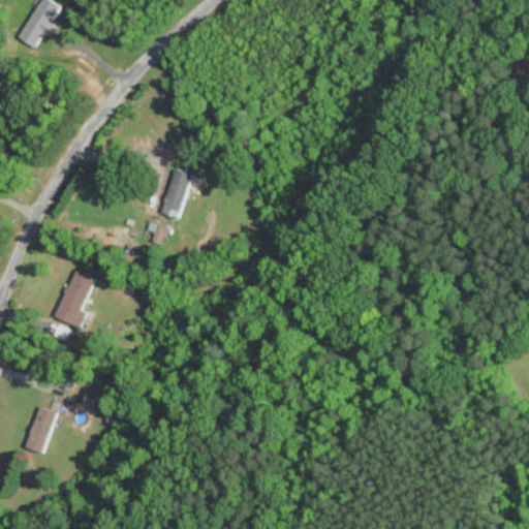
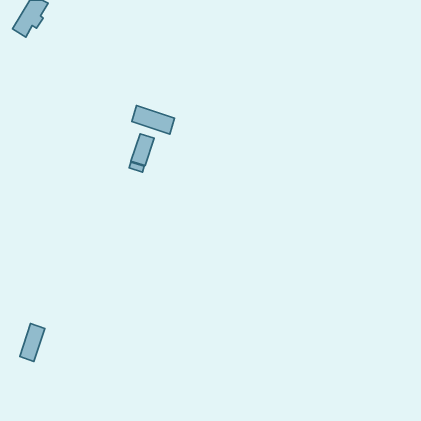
building: none -> [132,106,175,134]
building: [54,270,94,329] -> none

